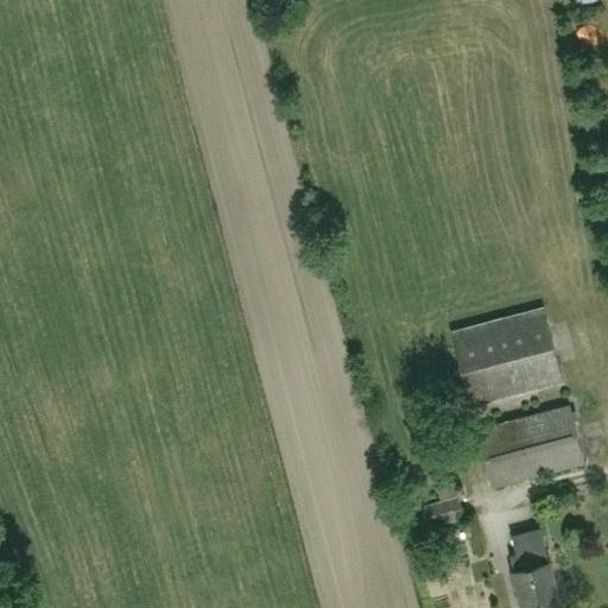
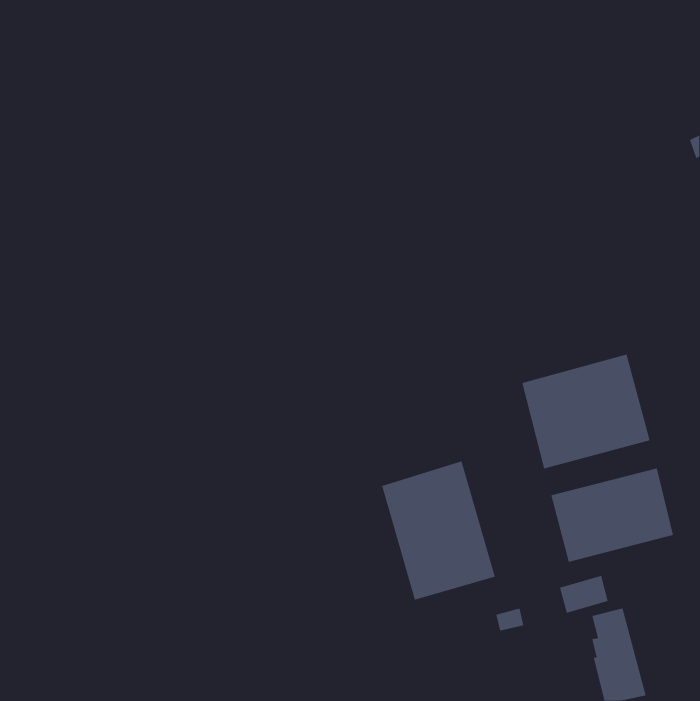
building: none -> [381,461,496,601]
building: [419,496,462,530] -> [559,575,609,613]

